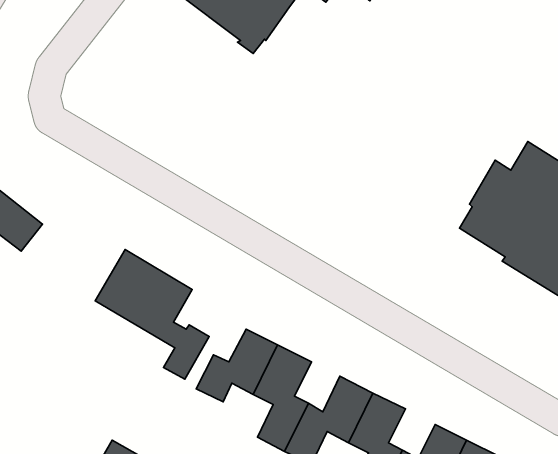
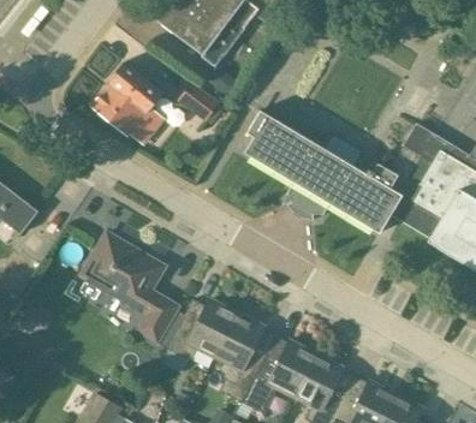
building: none -> [94,60,163,142]
building: none -> [178,84,220,123]
building: none -> [243,109,447,233]

